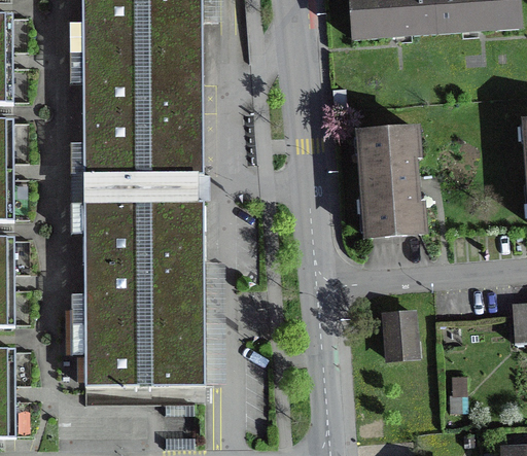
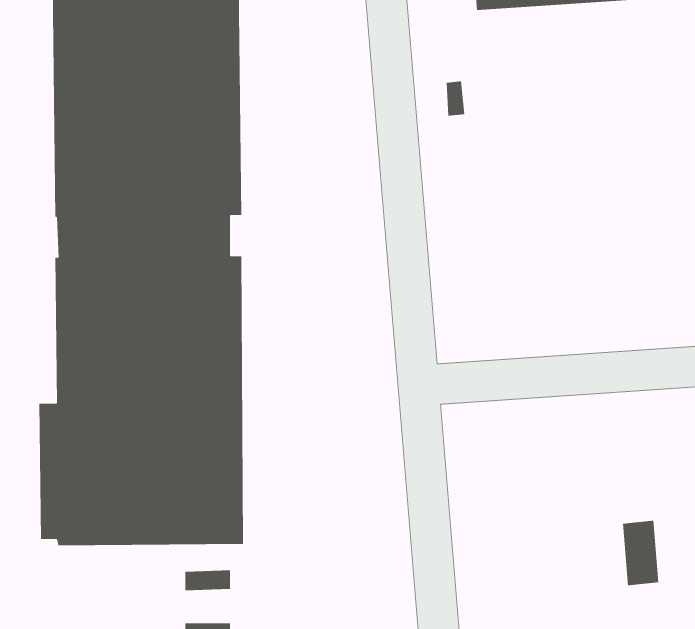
building: [355,124,427,240] -> none
building: [382,309,421,359] -> none

